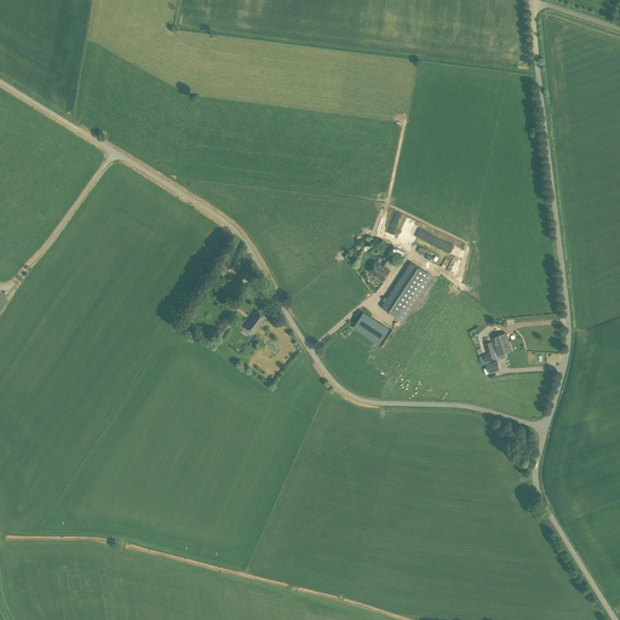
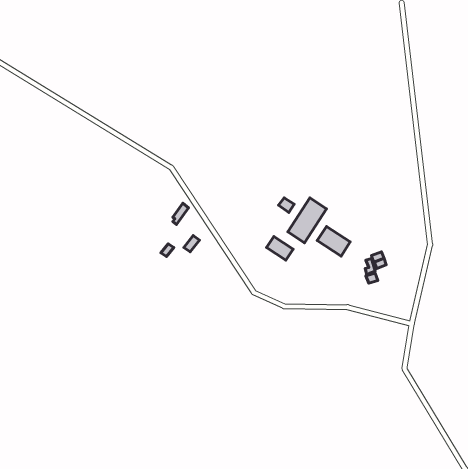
building: none -> [317,226,350,256]

